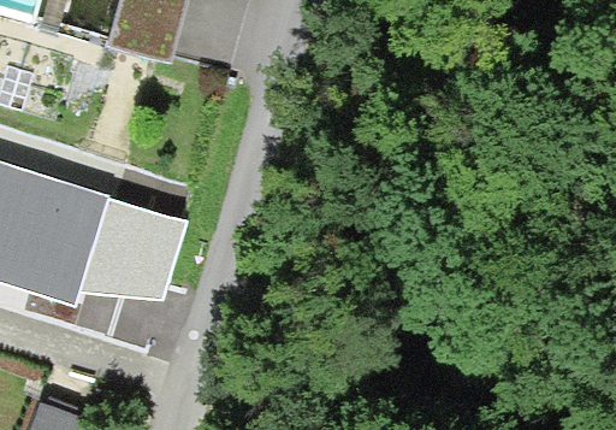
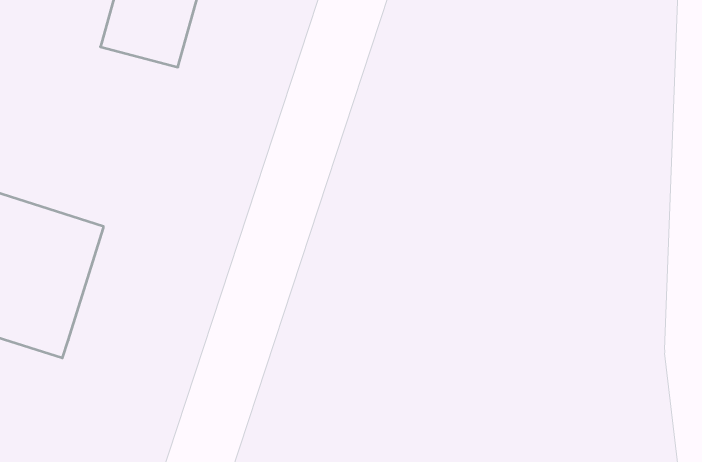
building: [78,198,185,298] -> none

